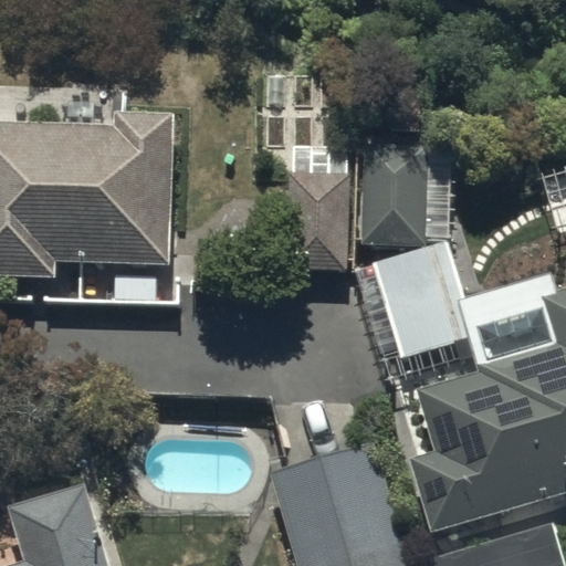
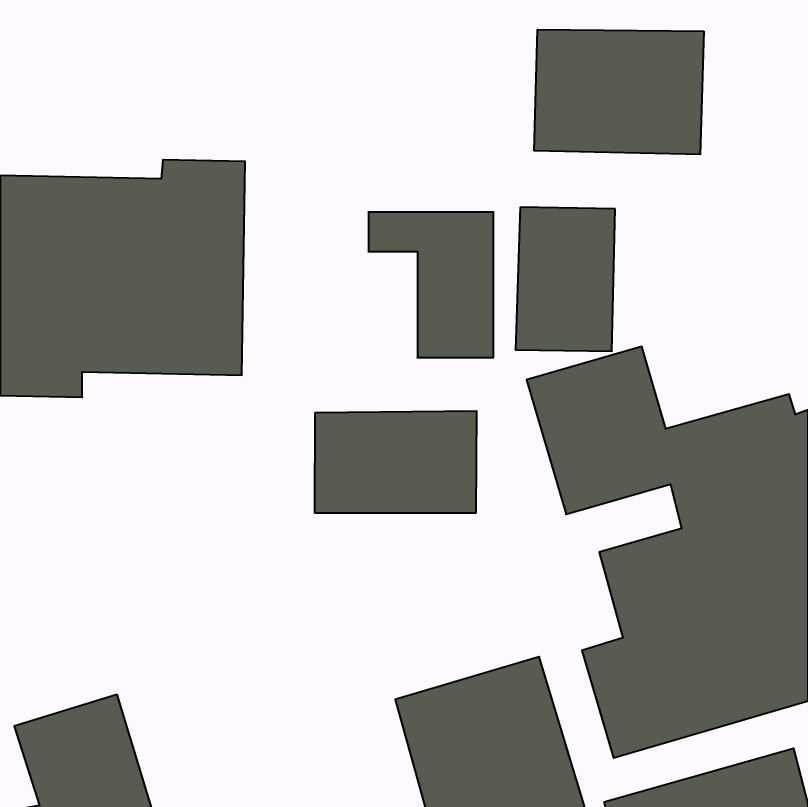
building: none -> [534,30,704,154]
building: none -> [315,411,476,513]

